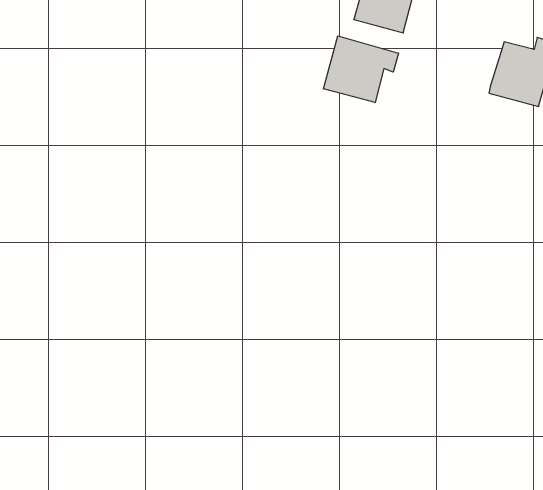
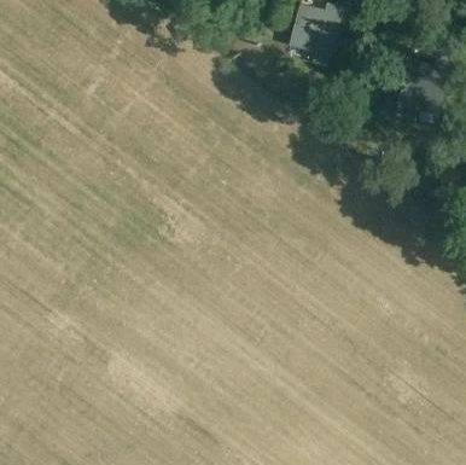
building: [323,36,399,103] -> none

